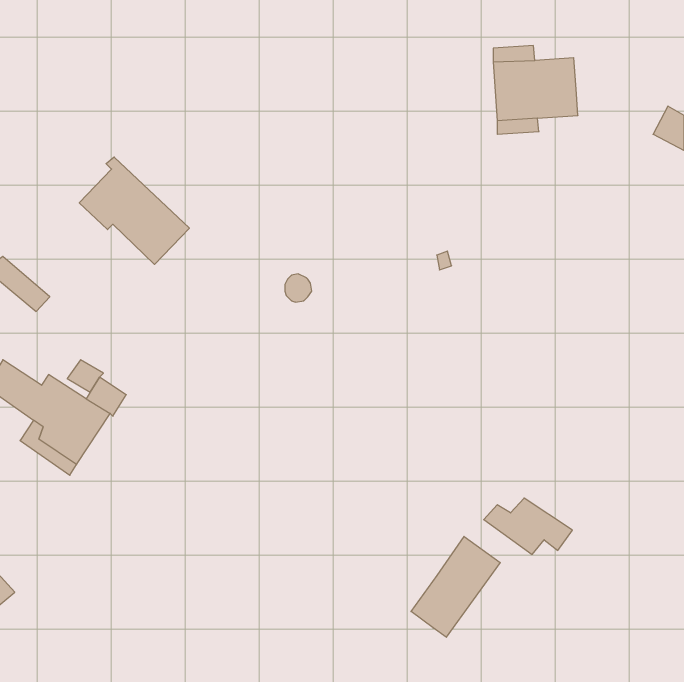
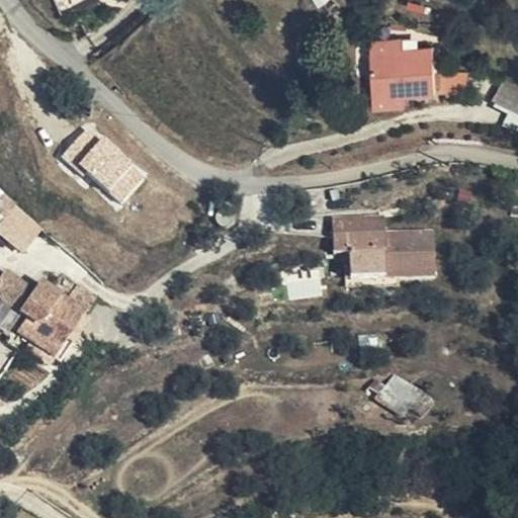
building: none -> [332,218,433,279]
building: [411,536,500,637] -> none

